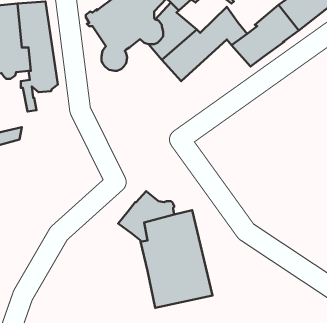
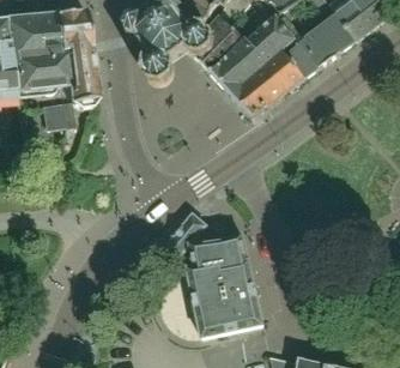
building: none -> [229,48,303,116]

